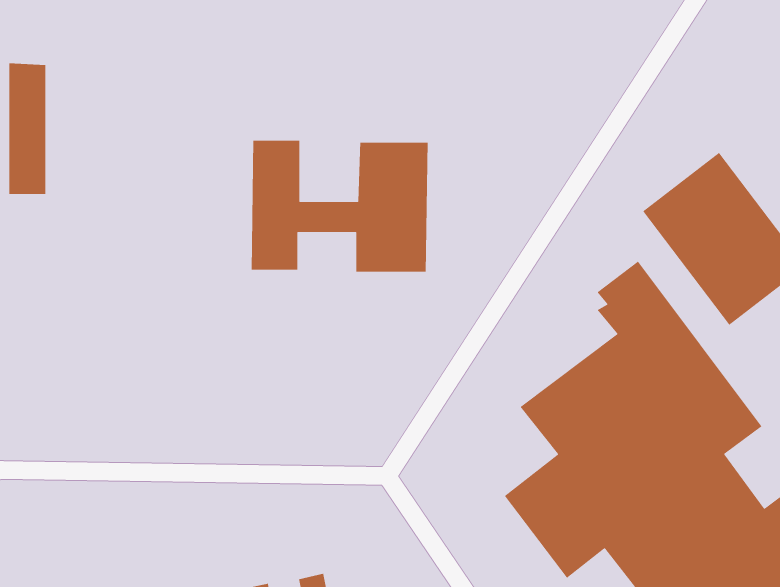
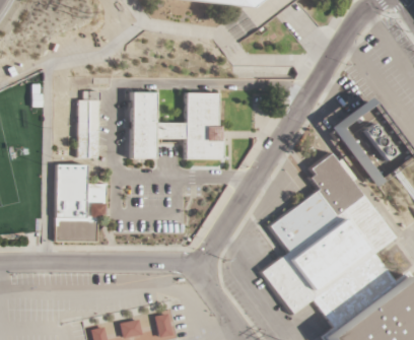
building: [9,62,46,195] -> [80,89,99,157]
building: none -> [56,163,107,242]

